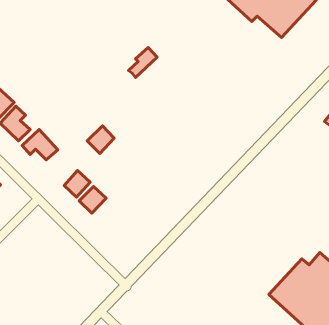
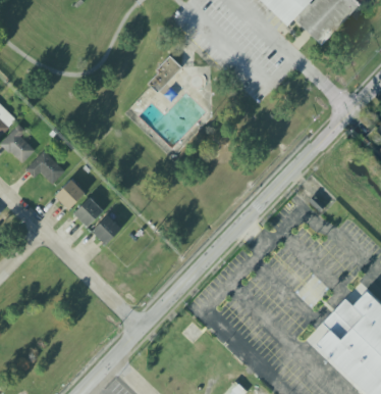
building: [87,126,114,153] -> [55,179,86,210]

